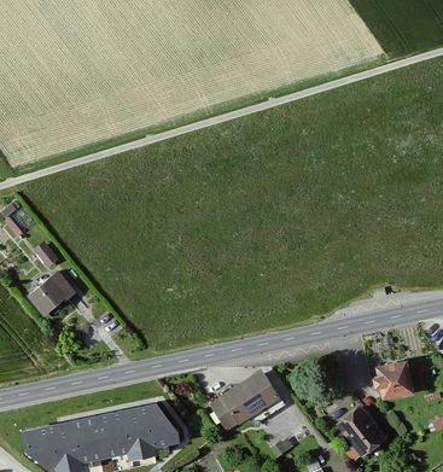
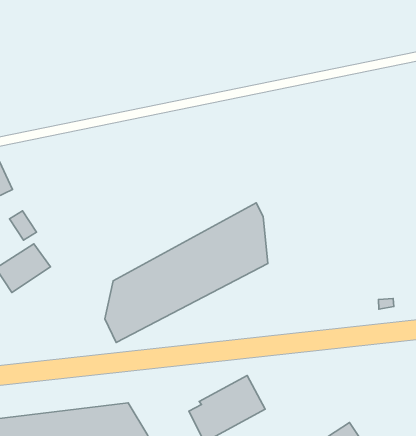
building: none -> [105,203,268,342]
building: [368,357,413,398] -> none

